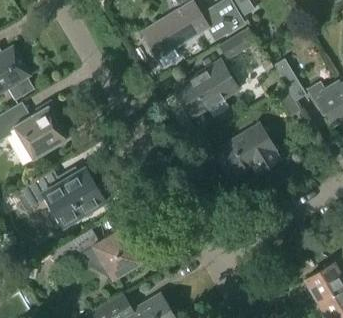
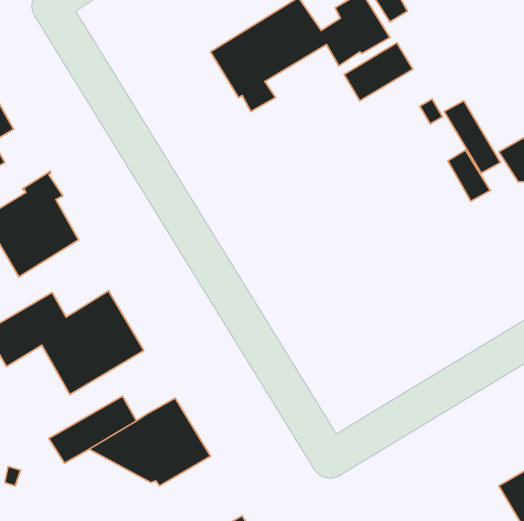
building: [177,62,237,116] -> none
building: [215,124,280,177] -> none

